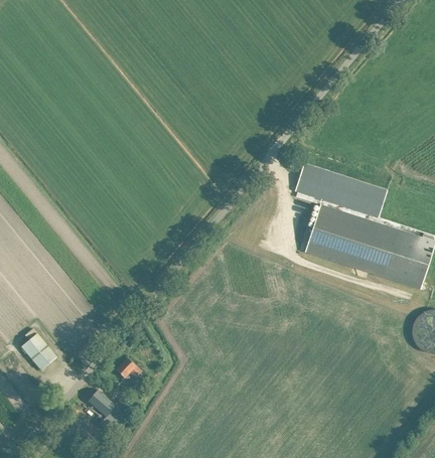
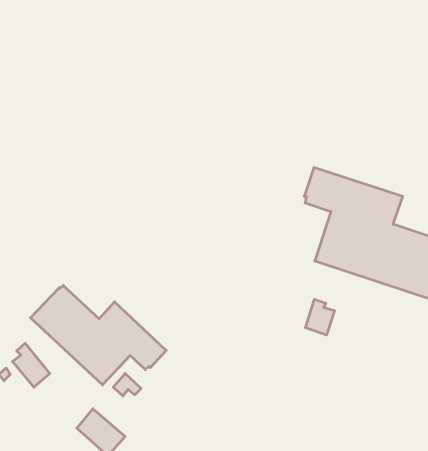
building: none -> [30,285,166,385]
building: none -> [305,299,334,335]

